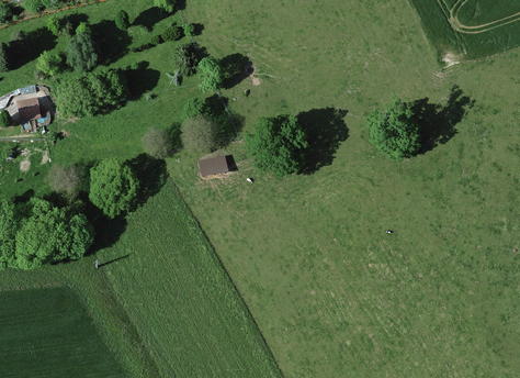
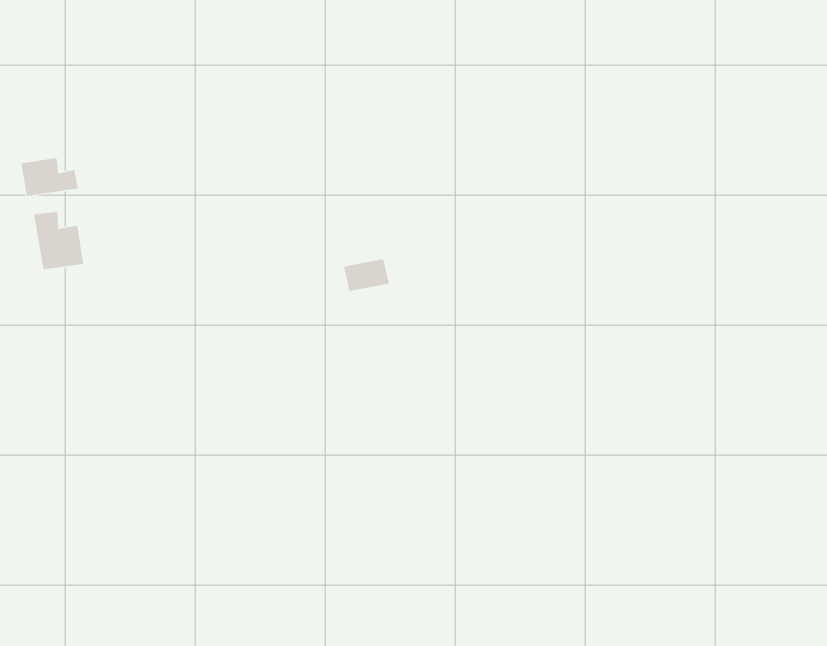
building: none -> [34,211,84,270]

